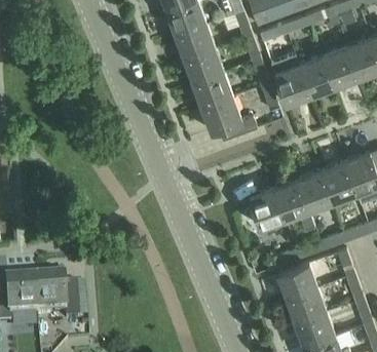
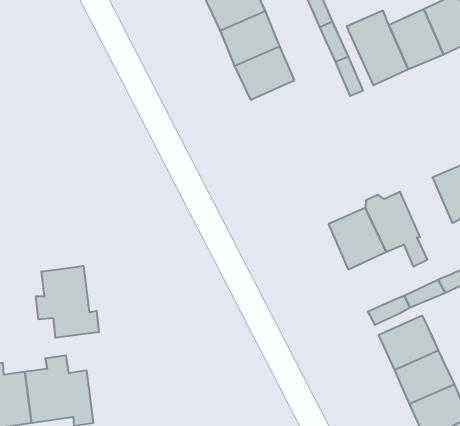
building: [201,97,257,142] -> none
building: [299,170,333,210] -> none
building: none -> [36,266,99,338]

